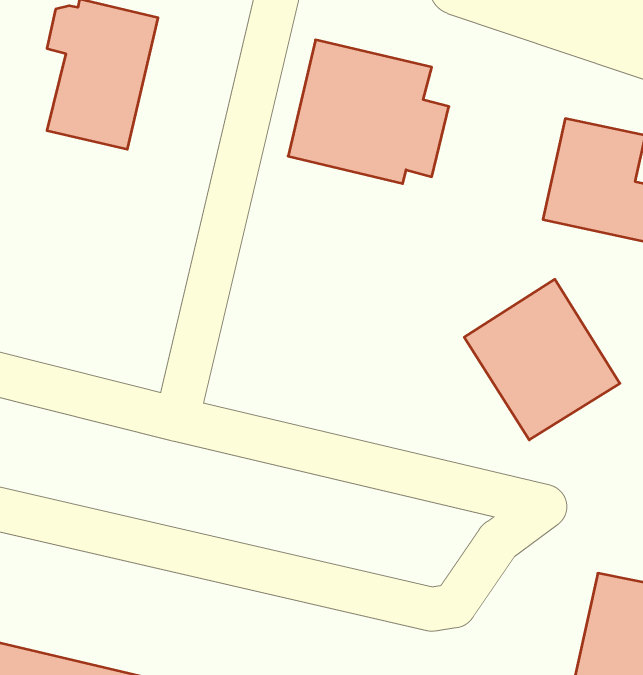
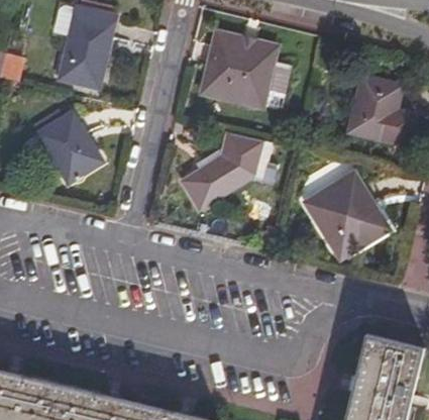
building: none -> [30,109,102,185]
building: none -> [176,130,277,212]

